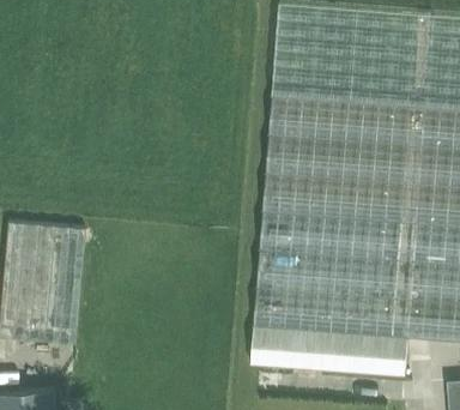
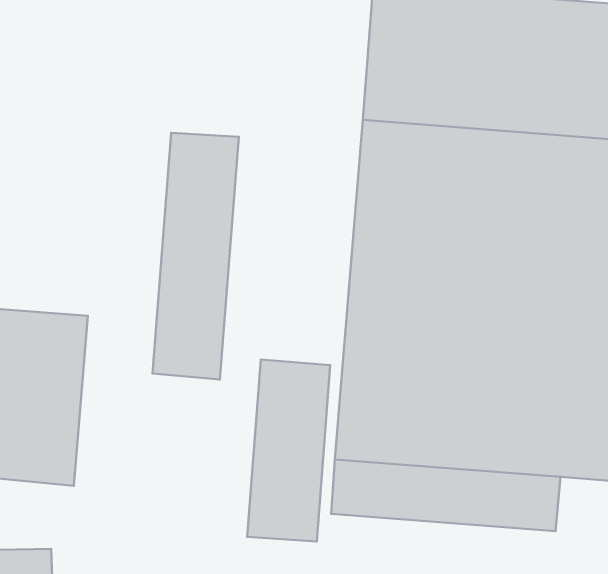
building: none -> [153,133,239,379]
building: none -> [247,359,330,542]

